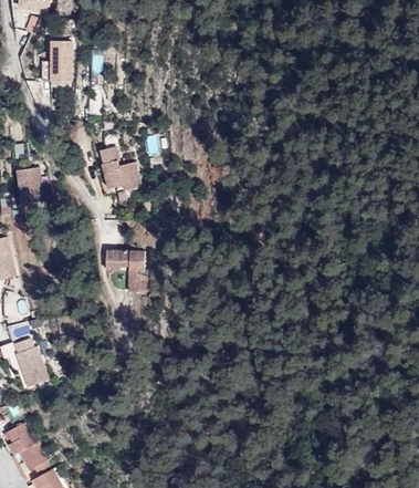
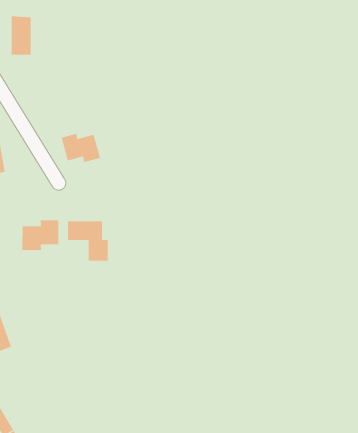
building: none -> [22,220,59,251]

